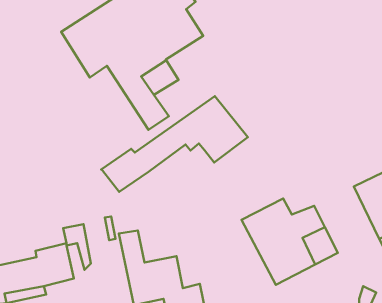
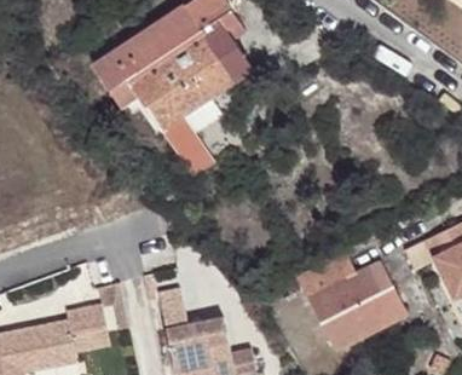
building: [101,96,248,192] -> none

